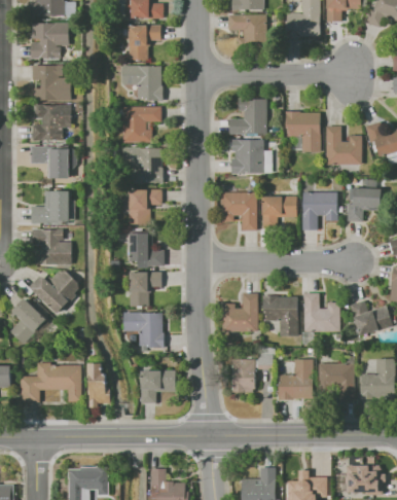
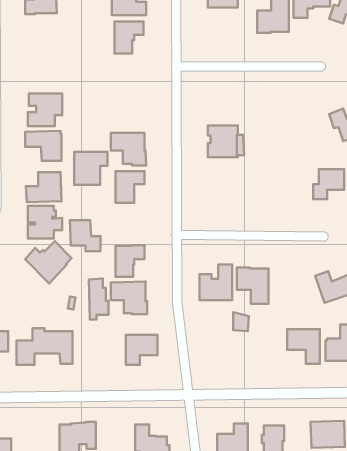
building: [227,14,265,49] -> none
building: [30,22,68,59] -> none
building: [32,65,71,100] -> none
building: [121,65,163,101] -> none
building: [228,99,266,134] -> none
building: [122,106,159,142] -> [74,152,108,185]
building: [285,111,320,151] -> none
building: [326,126,361,165] -> none
building: [221,191,256,230] -> none
building: [302,191,336,228] -> none
building: [261,195,296,228] -> none
building: [129,233,163,266] -> [70,220,101,251]
building: [303,292,339,331] -> none
building: [9,296,46,343] -> none
building: [231,359,254,392] -> none
building: [278,359,315,399] -> none
building: [87,362,109,407] -> [89,278,108,320]

